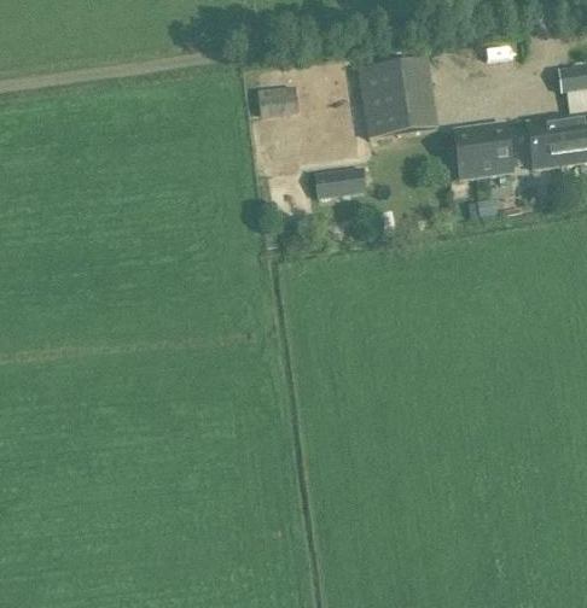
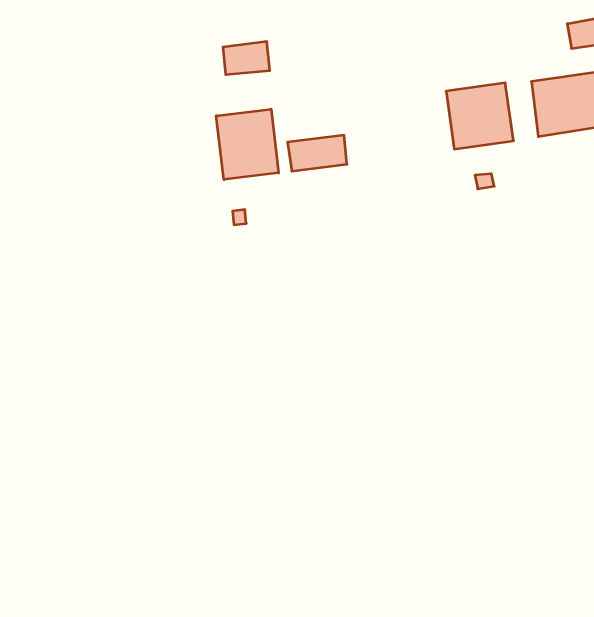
building: [362,63,437,138] -> none
building: none -> [216,109,279,180]

